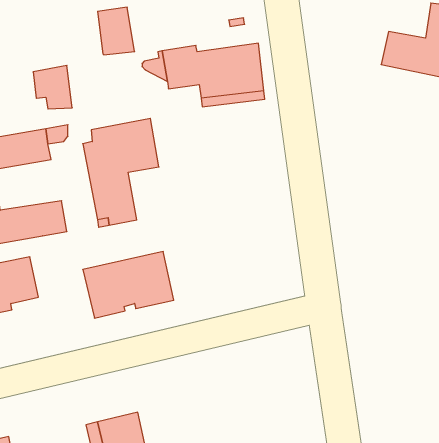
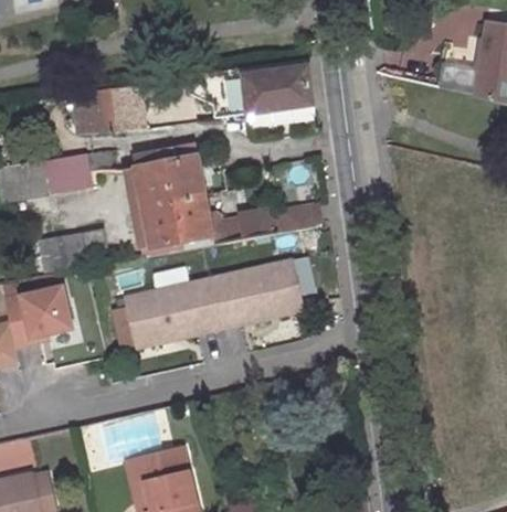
building: [98,7,135,55] -> [108,82,147,131]
building: none -> [172,192,321,247]
building: none -> [209,262,303,331]

